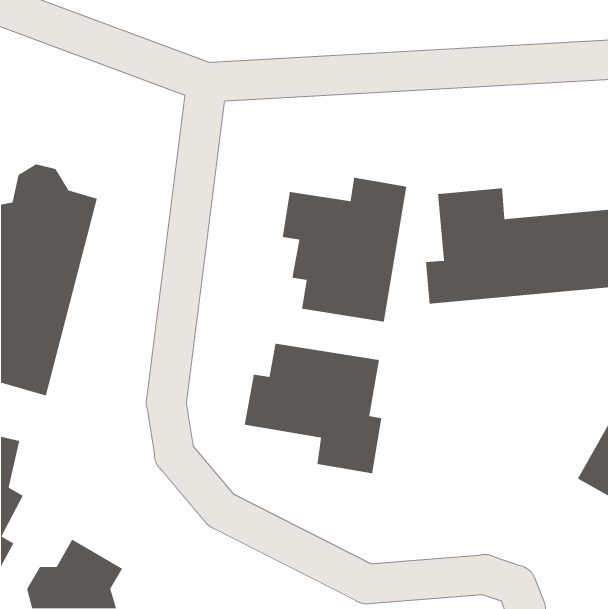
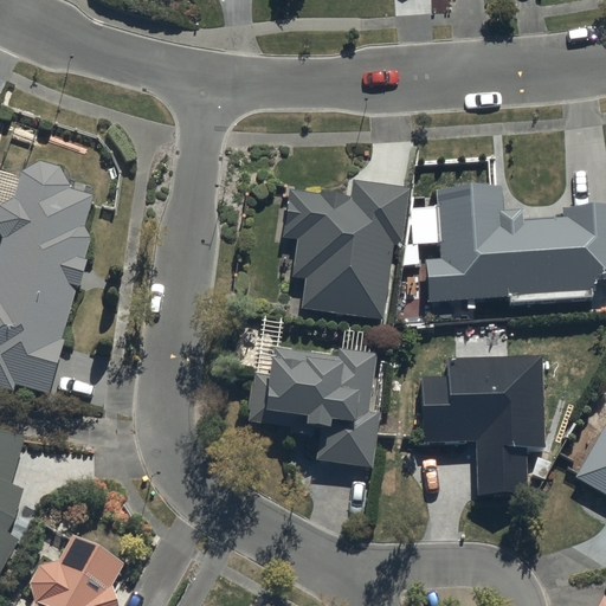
building: none -> [421,356,544,495]

